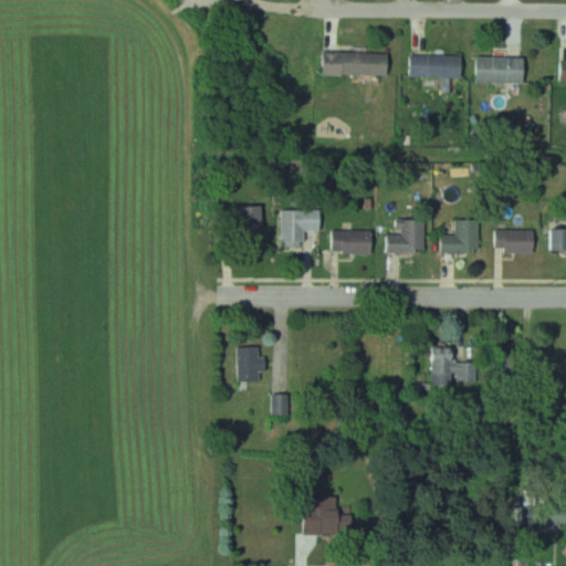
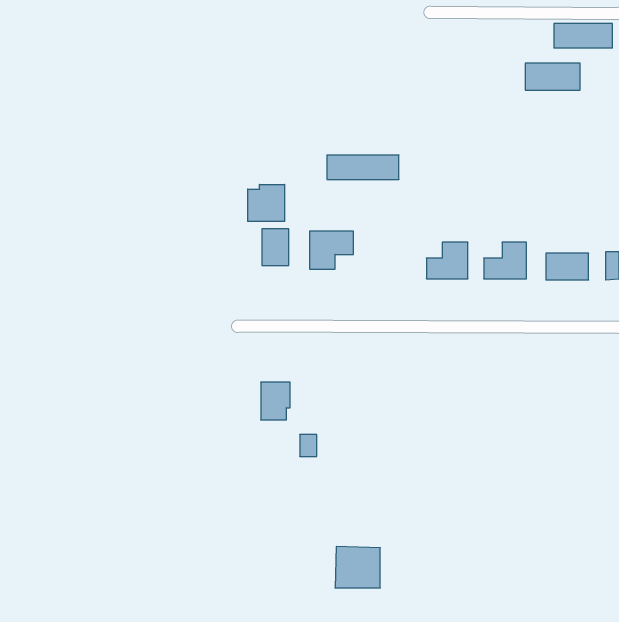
building: [324,53,389,75] -> [327,155,399,179]
building: [410,55,463,77] -> [554,24,612,48]
building: none -> [248,184,285,221]
building: [329,230,371,253] -> none
building: [430,348,476,384] -> none

